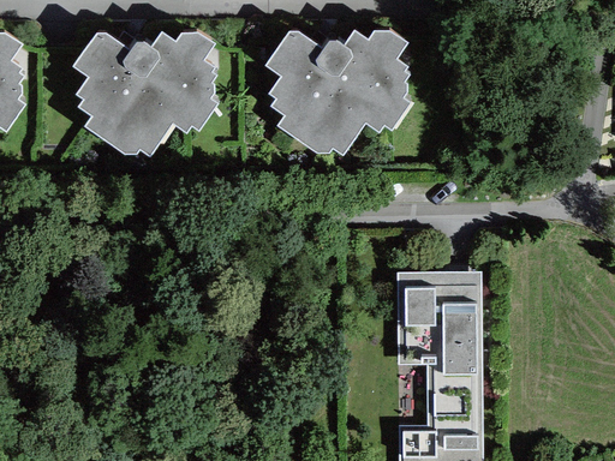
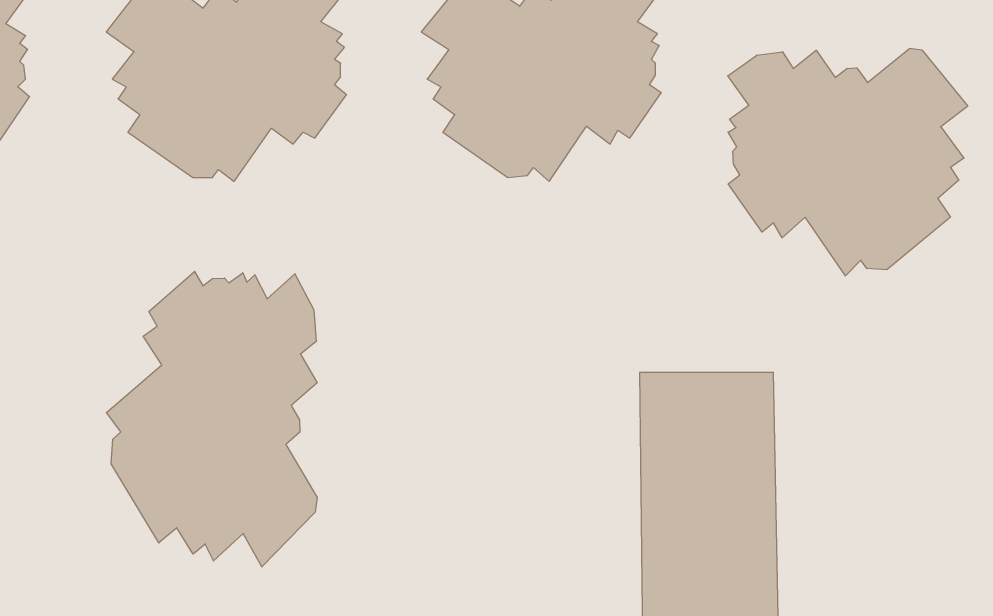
building: none -> [728,48,968,276]
building: none -> [106,271,317,567]

